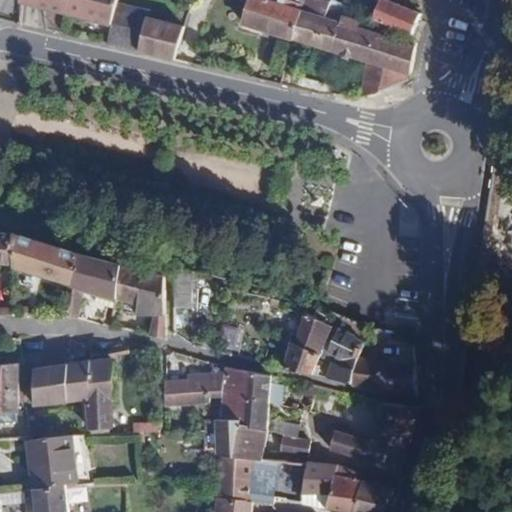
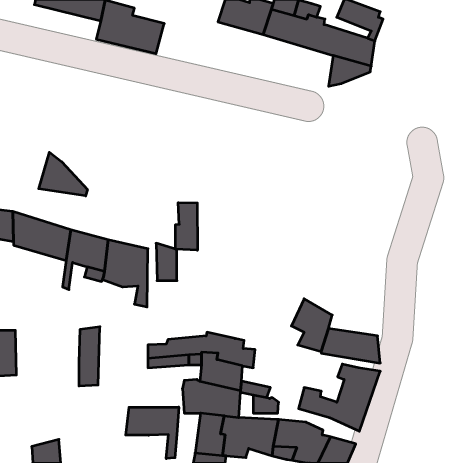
building: none -> [39,152,87,196]
building: none -> [176,203,197,250]
building: [287,316,335,377] -> none
building: [32,363,88,405] -> none
building: [30,440,67,492] -> none
building: none -> [126,407,179,459]

